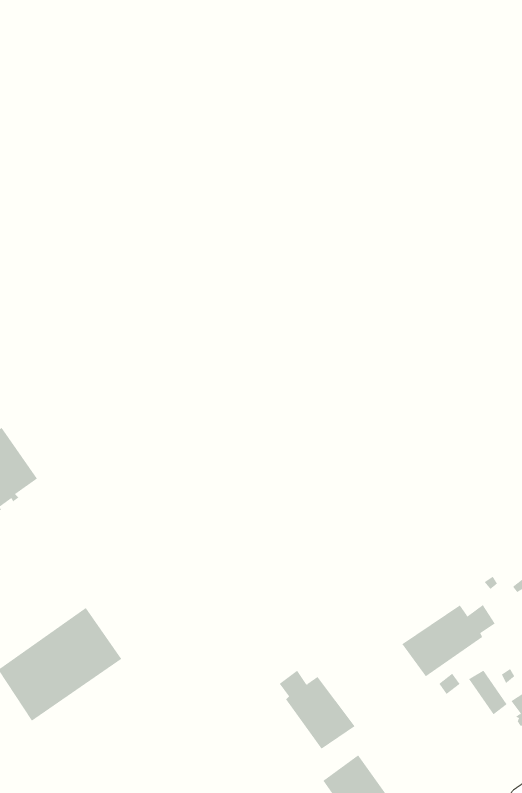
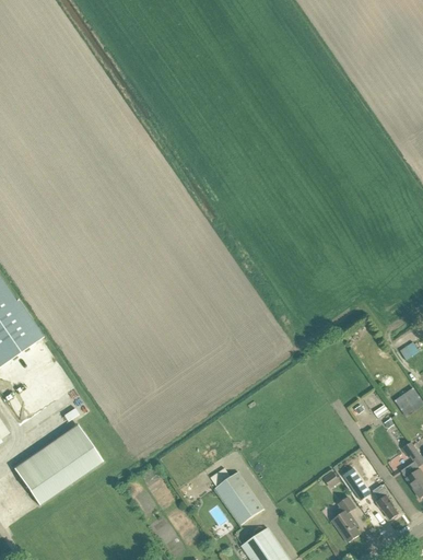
building: [401,604,496,677] -> none
building: none -> [332,495,361,541]

